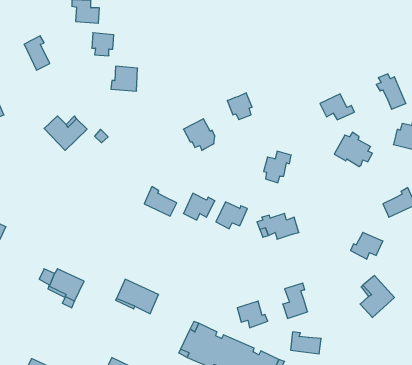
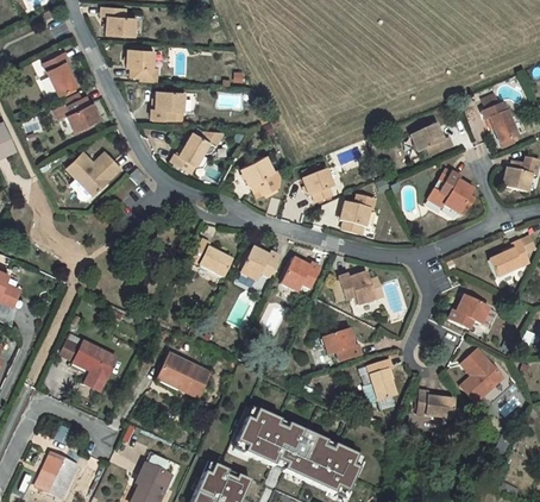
building: none -> [64,95,100,132]
building: [227,93,252,120] -> [302,169,333,202]
building: none -> [170,130,224,172]
building: [237,301,268,328] -> [322,330,360,363]
building: [291,332,321,354] -> [416,391,454,419]

